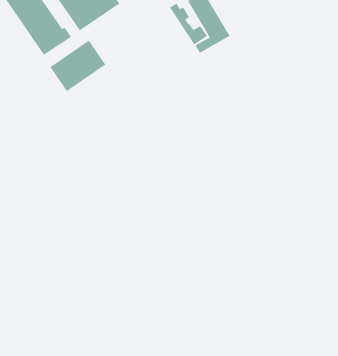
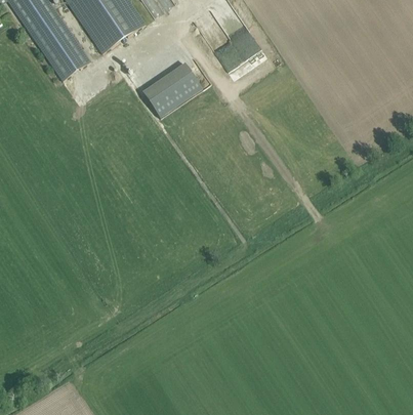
building: [49,40,106,92] -> [137,63,199,119]

